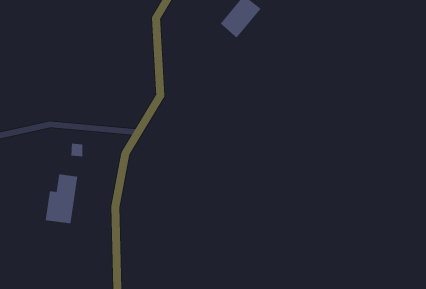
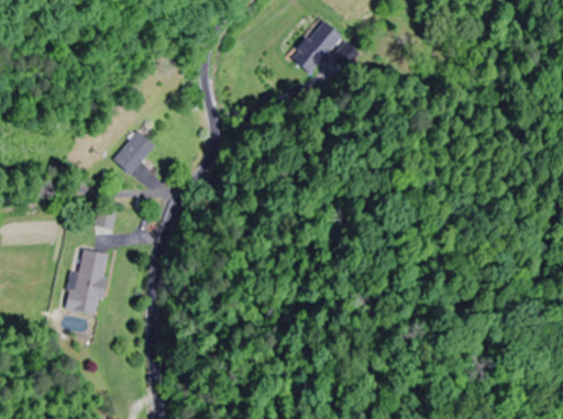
building: none -> [111,132,153,174]

